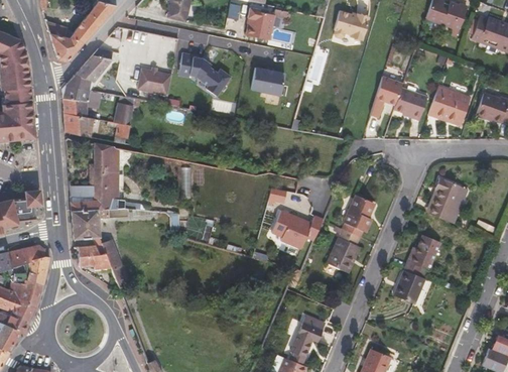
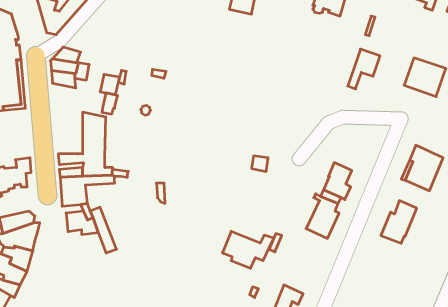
building: [74,48,112,80] -> none
building: [178,53,231,95] -> none
building: [137,67,171,94] -> none
building: [251,67,284,95] -> none
building: [394,88,427,120] -> none
building: [62,112,94,137] -> none
building: [271,211,325,249] -> [222,231,274,268]
building: [393,270,425,303] -> none

